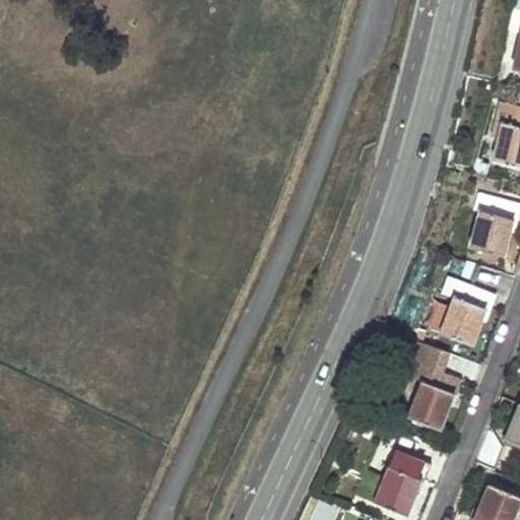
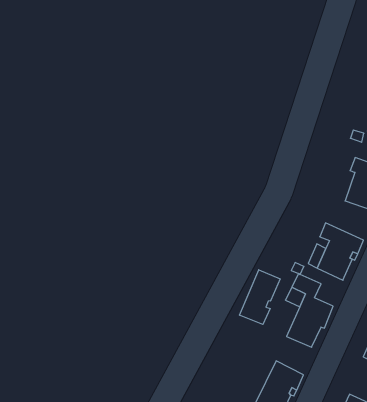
building: none -> [240,270,280,324]

